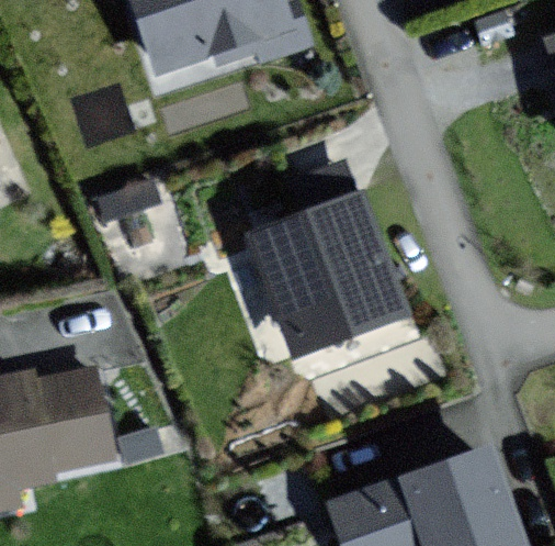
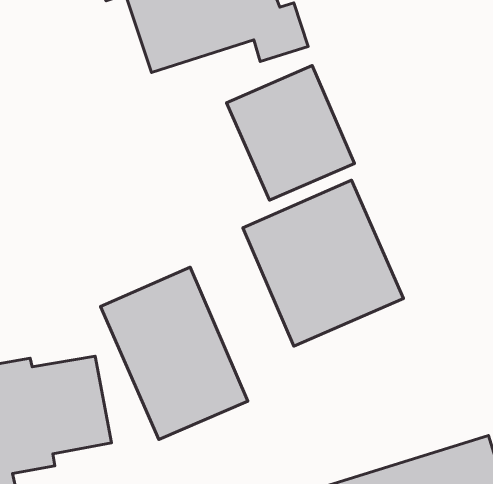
building: none -> [227,65,354,200]
building: none -> [100,267,248,440]

